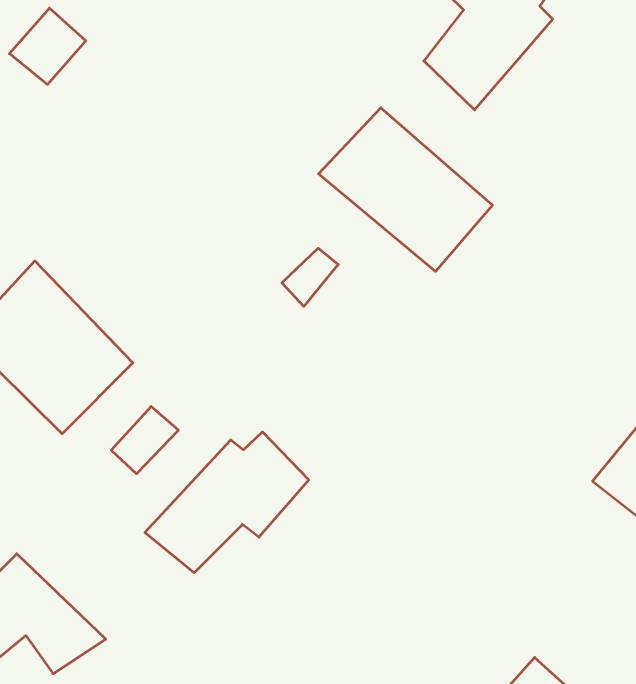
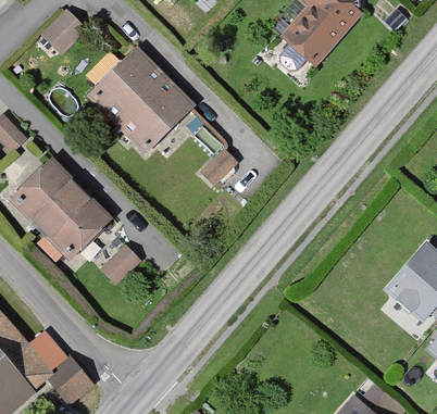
building: none -> [83,47,192,156]
building: [319,108,492,271] -> none
building: [145,432,309,573] -> none

